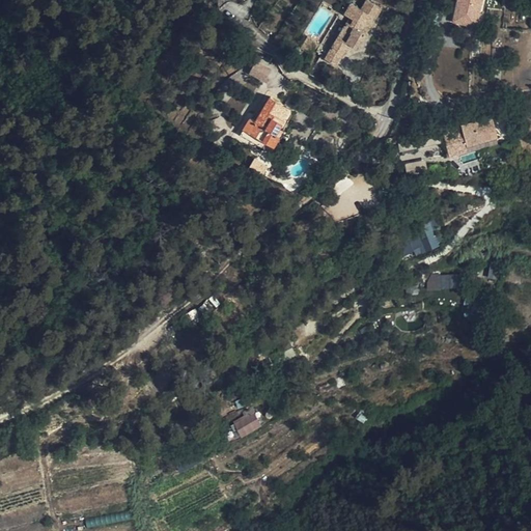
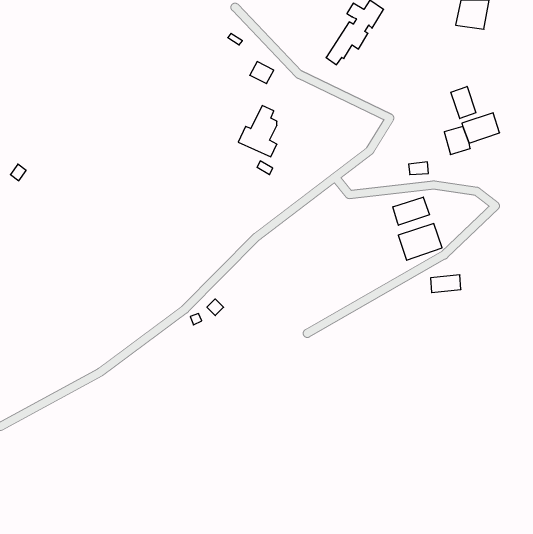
building: none -> [451,86,476,119]
building: none -> [393,197,430,225]
building: [233,410,266,438] -> none

